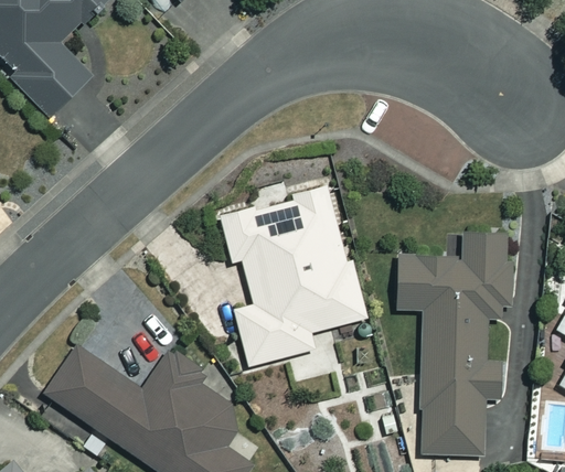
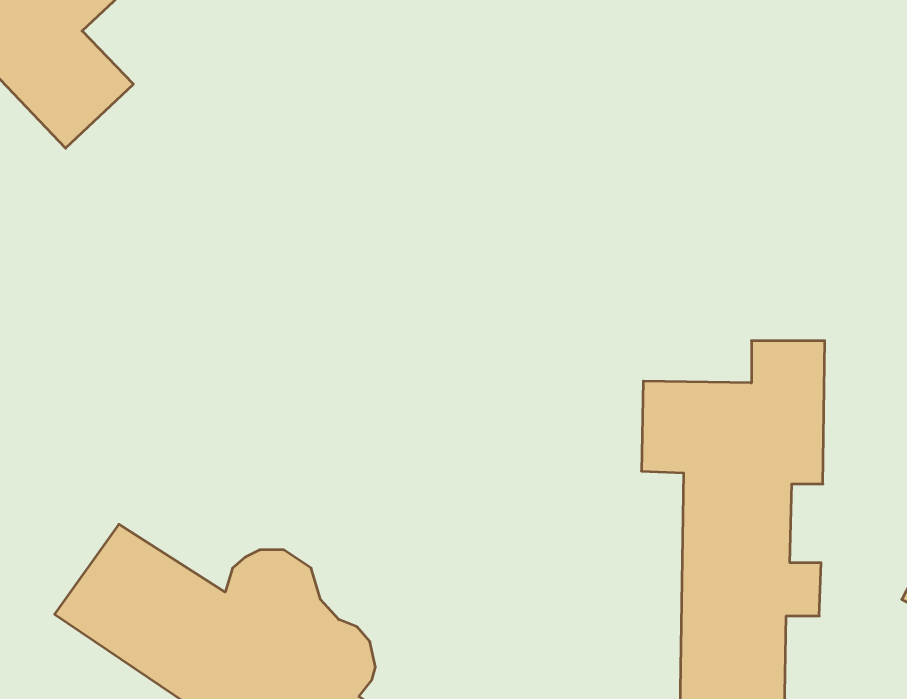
building: [218,184,365,365] -> none

